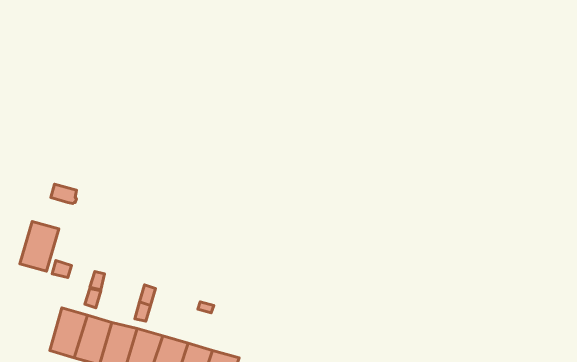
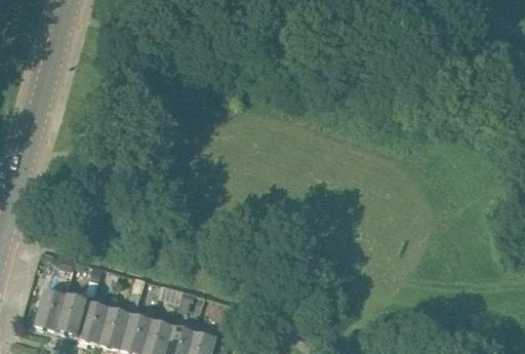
building: [20,221,59,271] -> [44,290,77,332]

